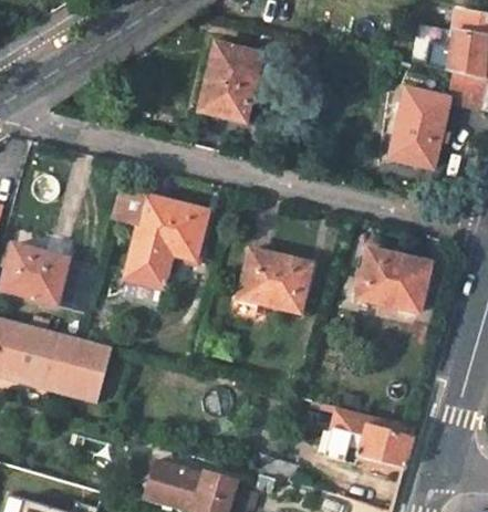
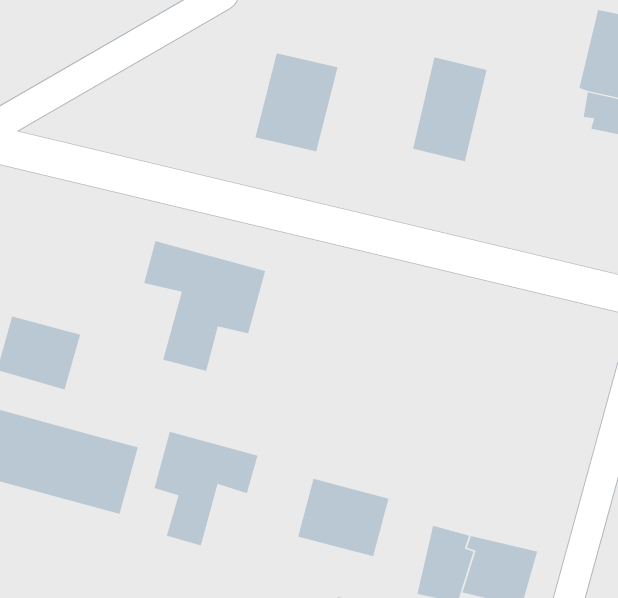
building: [391,88,448,169] -> [412,57,487,162]
building: [239,248,310,309] -> [297,478,390,557]
building: [355,248,427,310] -> none
building: none -> [153,431,258,547]

